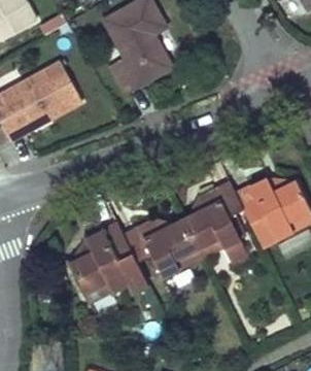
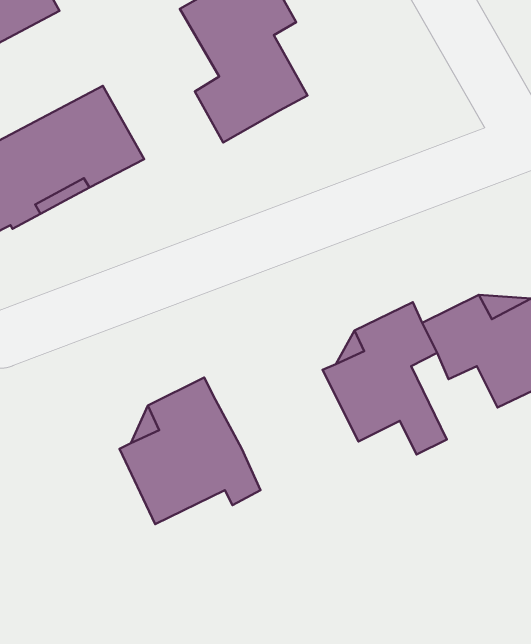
building: [123,217,201,276] -> none

